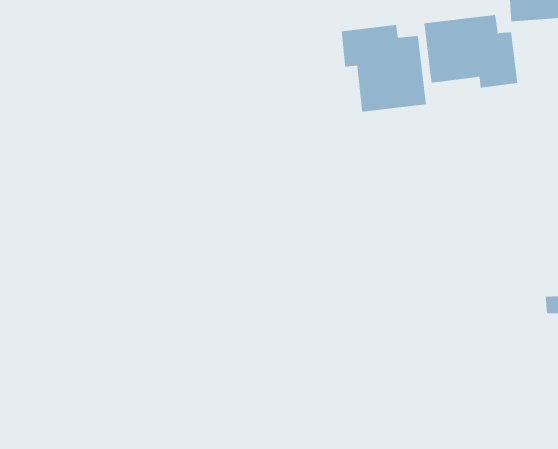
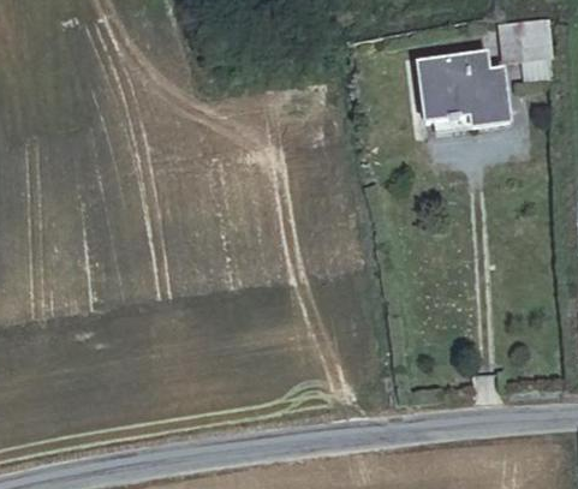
building: [341,24,426,112] -> none

